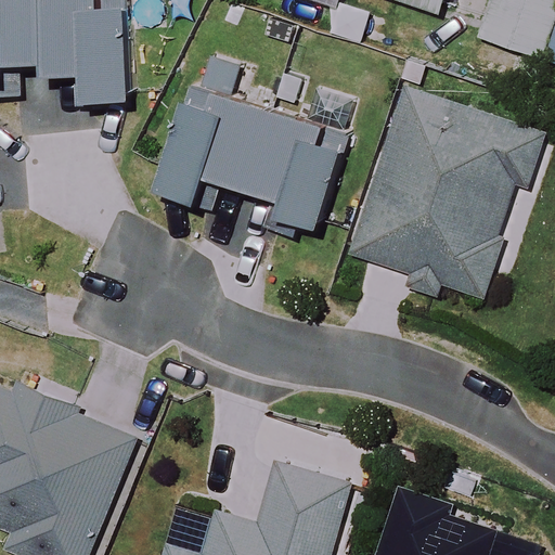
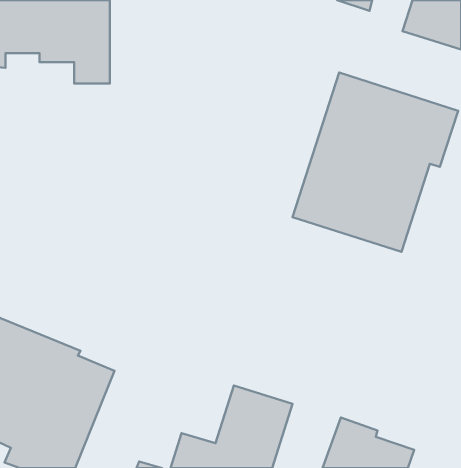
building: [155,53,356,235] -> none

